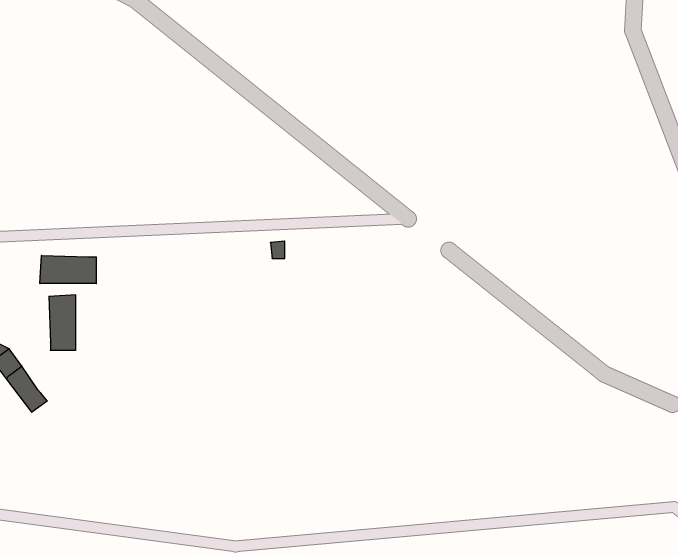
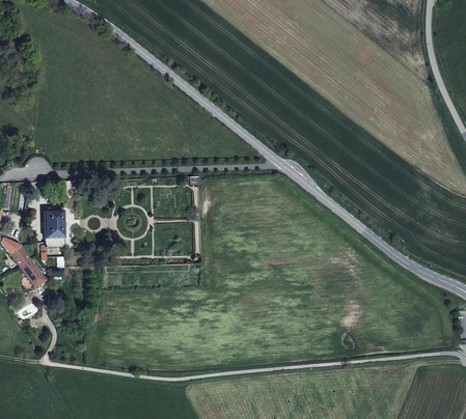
building: [40,255,96,284] -> none

